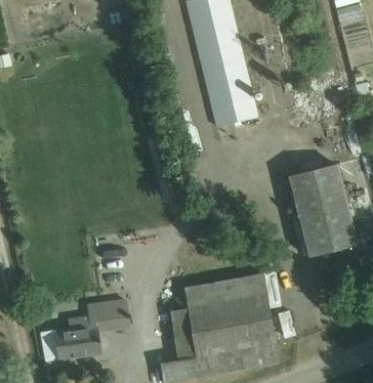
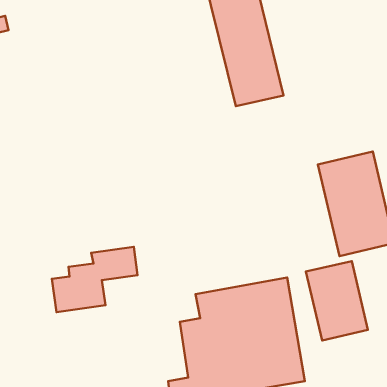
building: none -> [306,261,368,340]
building: [53,303,127,359] -> [52,247,137,312]

